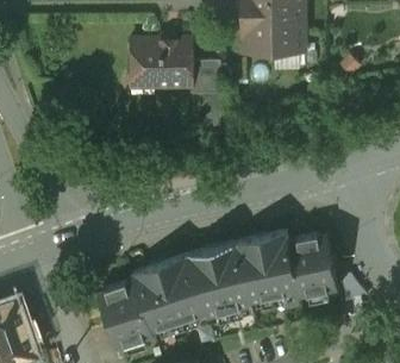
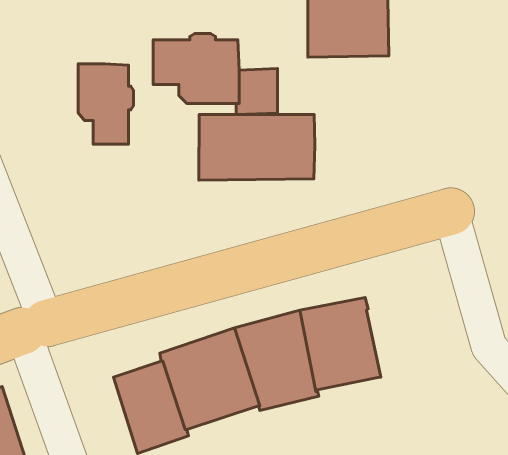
building: none -> [78,64,134,144]
building: none -> [199,115,315,180]
building: [288,233,338,298] -> none

